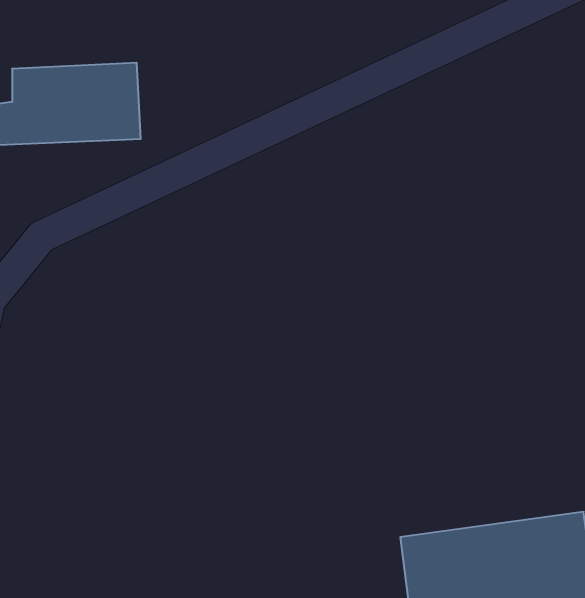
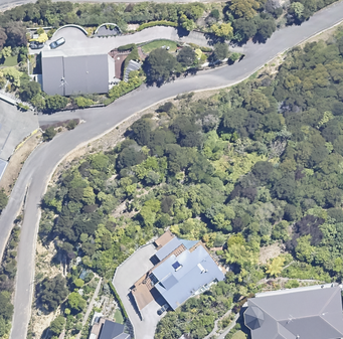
building: none -> [147,241,222,309]

